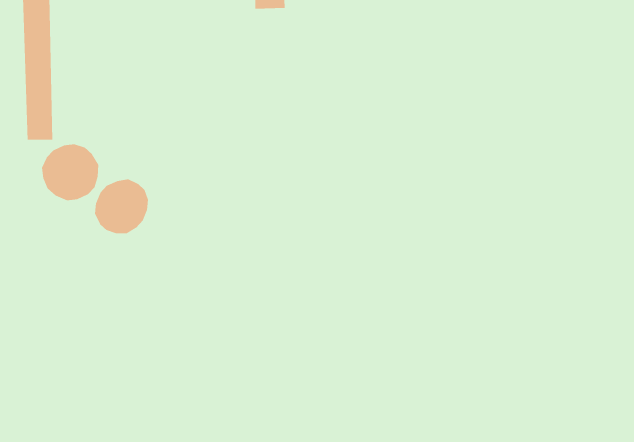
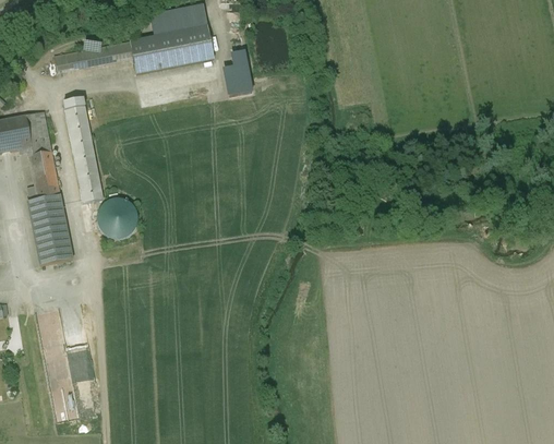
building: [94,179,149,234] -> none

